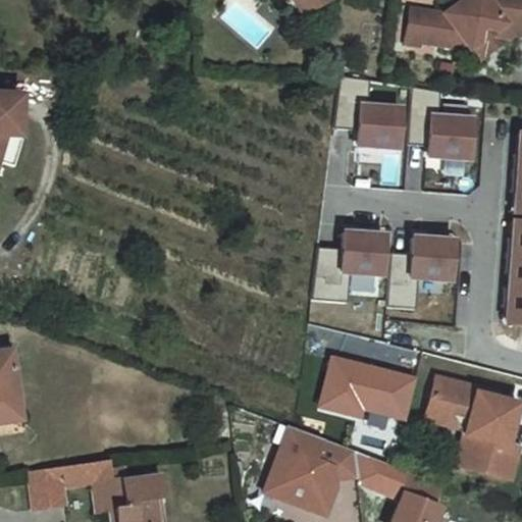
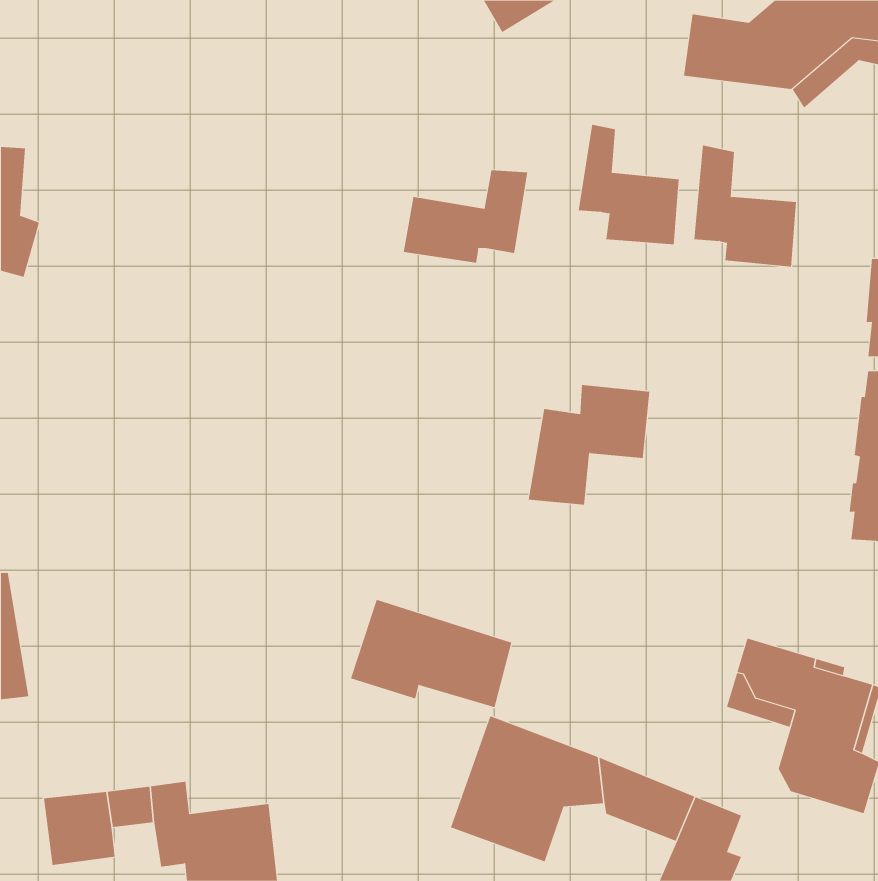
building: none -> [403,170,528,264]
building: [388,234,455,306] -> none
building: [319,354,415,418] -> [350,599,512,708]

